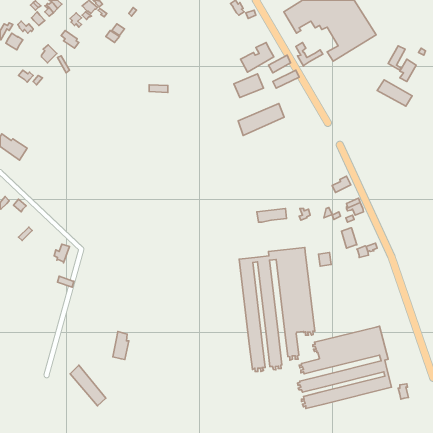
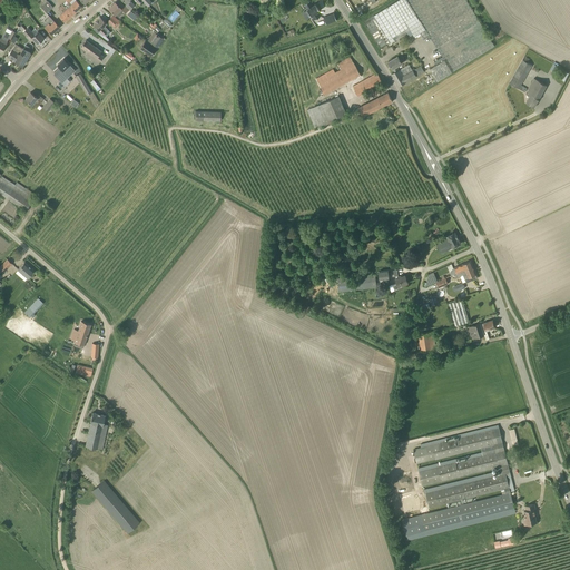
building: [377,80,412,106] -> none
building: [238,103,284,135] -> none
building: [239,247,315,372] -> none
building: [113,332,129,360] -> [86,412,107,449]

